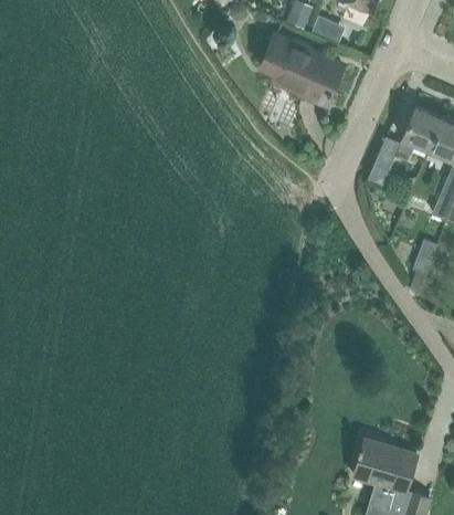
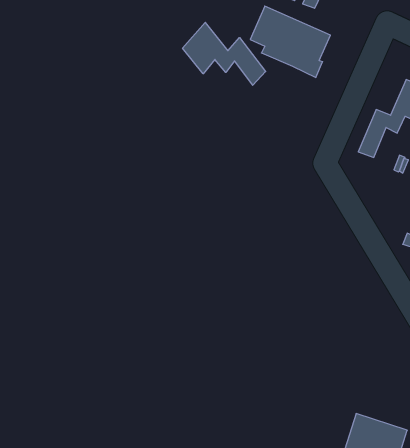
building: none -> [183,22,266,85]

